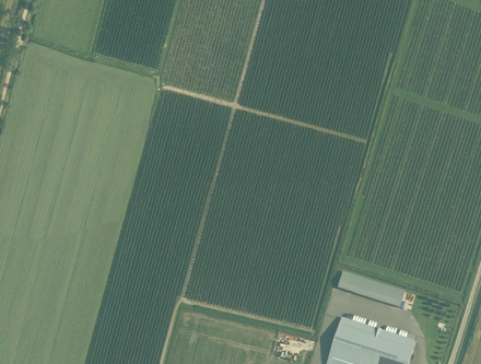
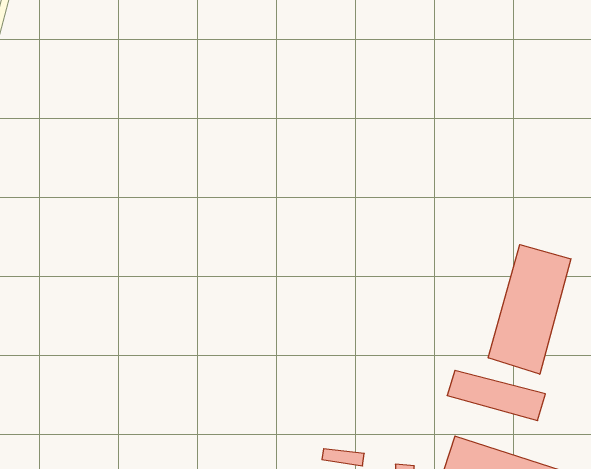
building: none -> [488,245,571,374]

